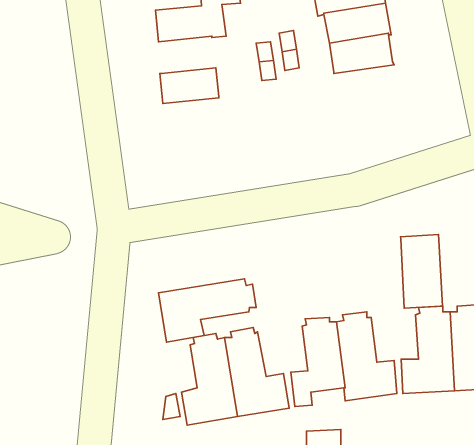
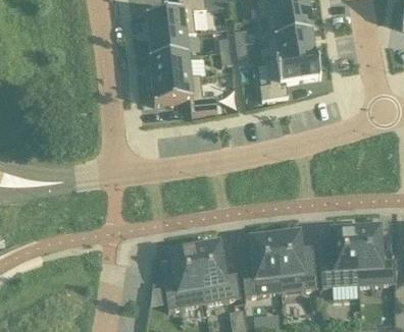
building: none -> [148,34,189,60]
building: none -> [259,52,320,100]
building: none -> [151,75,217,114]
building: [400,235,442,308] -> none
building: [159,279,256,342] -> none

